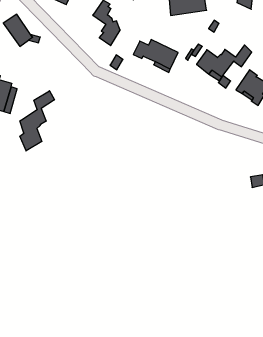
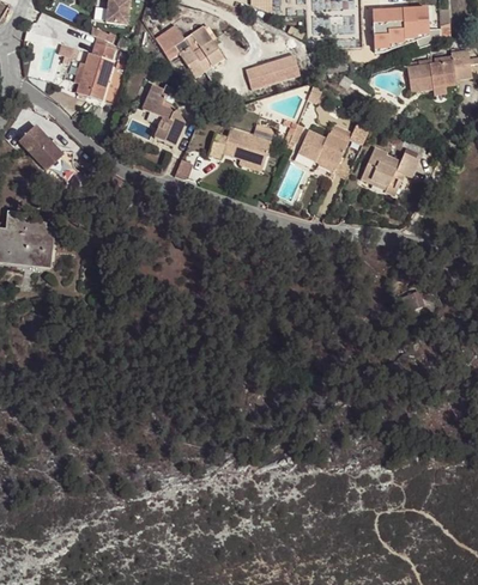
building: [20,91,54,151] -> none

